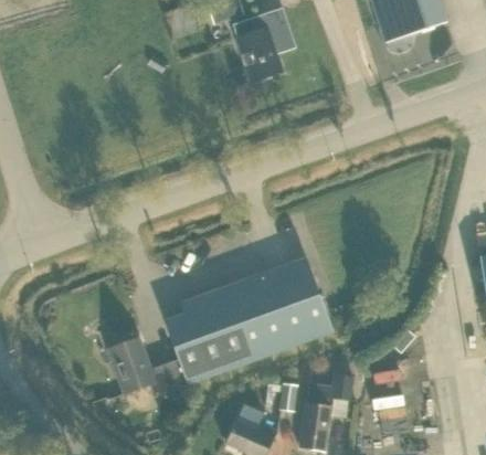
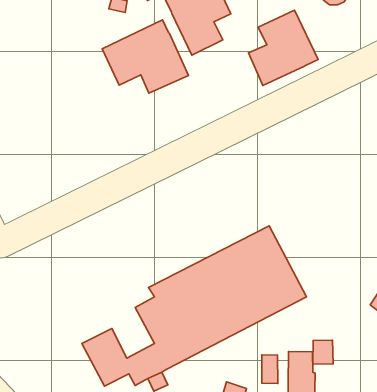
building: none -> [102,20,189,93]
building: none -> [248,10,318,85]

